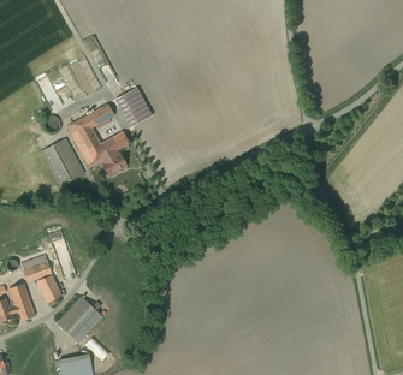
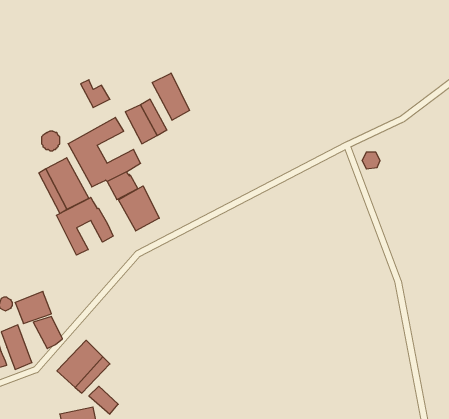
building: none -> [152,73,190,120]
building: none -> [119,186,159,231]
building: none -> [56,197,113,255]

